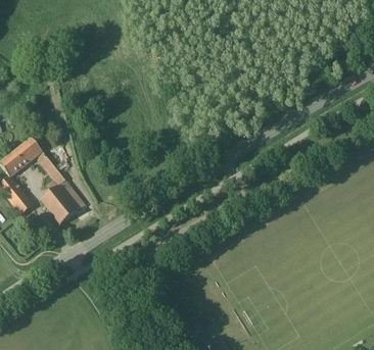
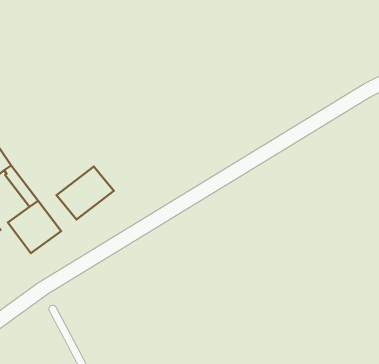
building: none -> [56,167,114,219]

